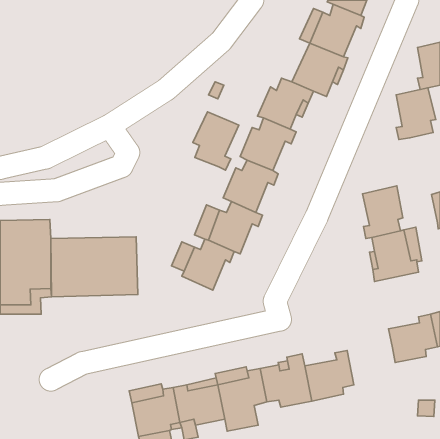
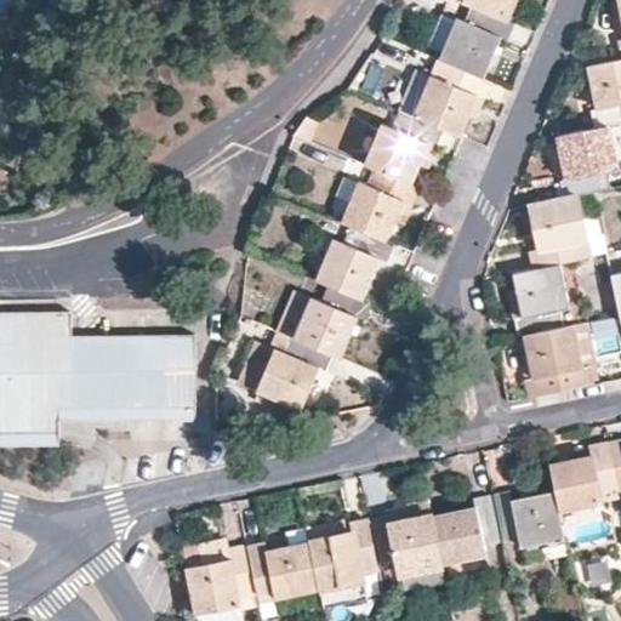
building: [193,112,239,170] -> none
building: none -> [528,195,589,269]
building: none -> [489,491,565,559]

